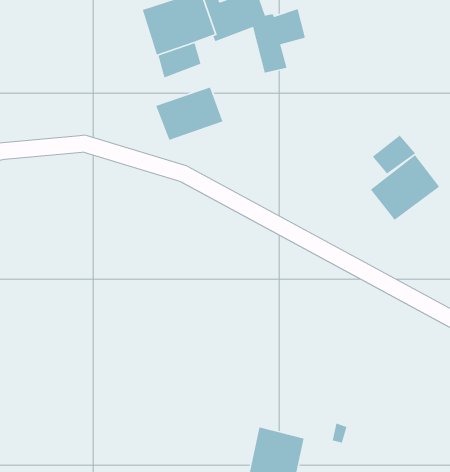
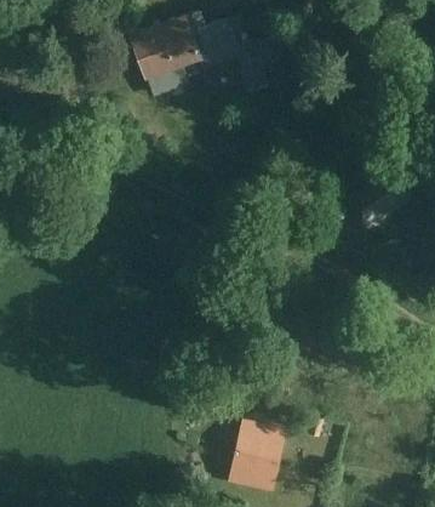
building: [155,86,223,141] -> none
building: [372,135,416,175] -> none

